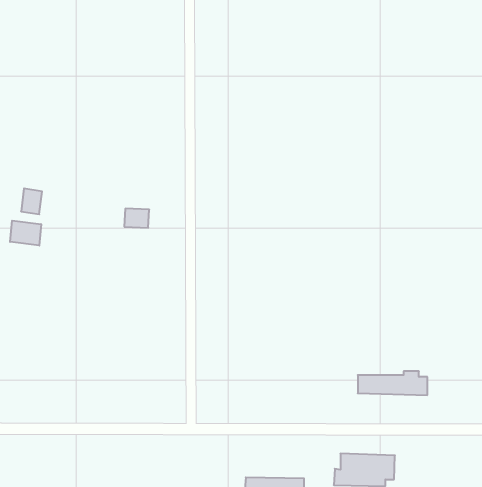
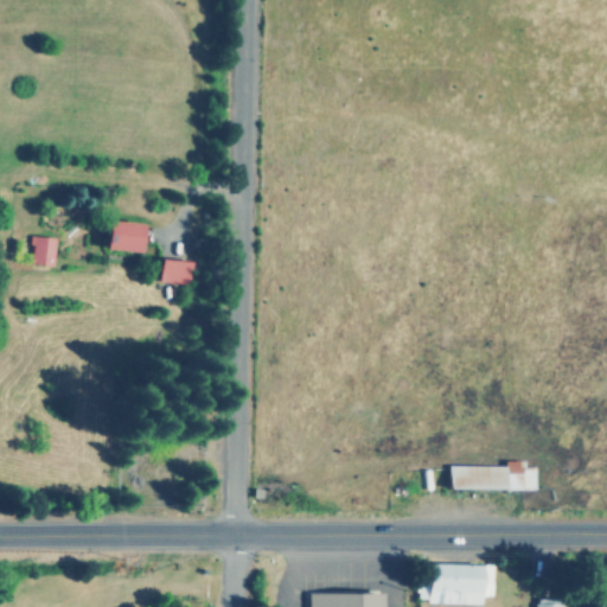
building: none -> [107,222,143,253]
building: [10,221,41,246] -> none

